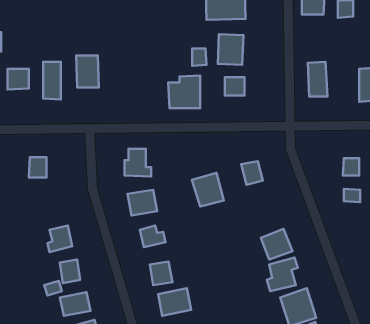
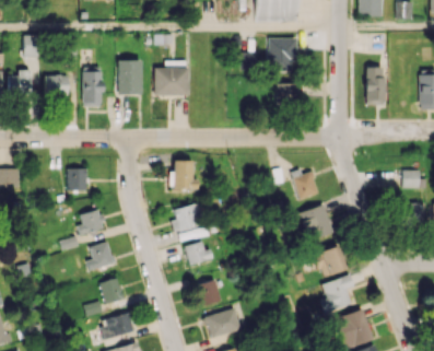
building: [168,75,200,108] -> [154,60,188,95]
building: [192,173,224,207] -> [300,204,333,241]
building: none -> [78,209,105,235]

